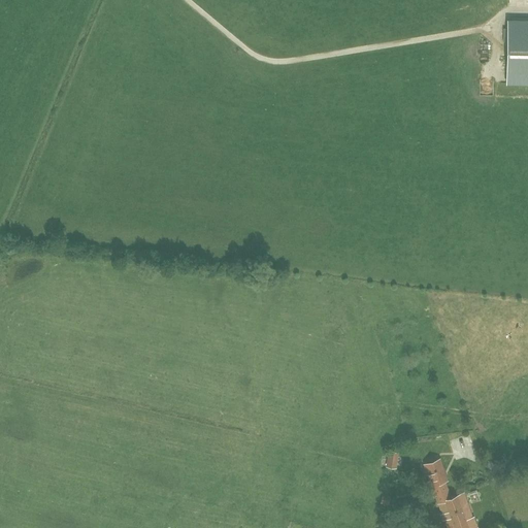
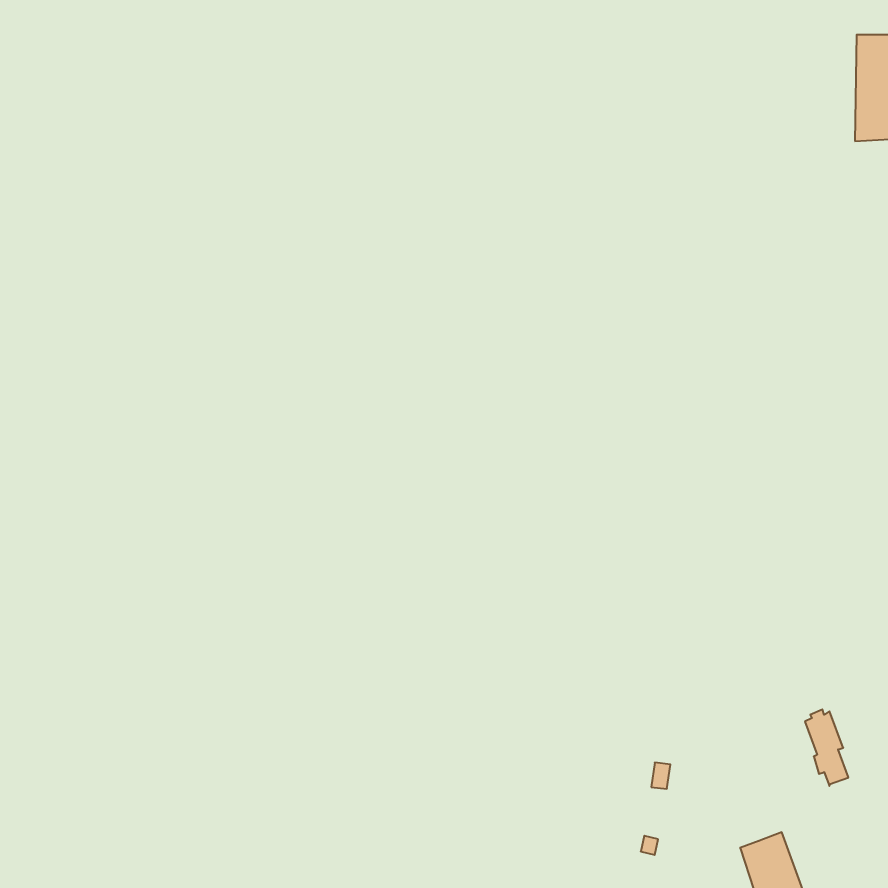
building: [425,459,451,504] -> [805,709,848,786]

